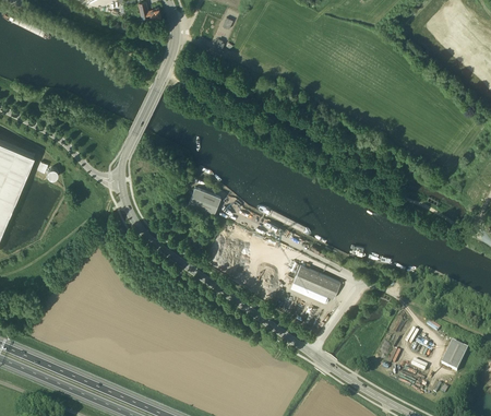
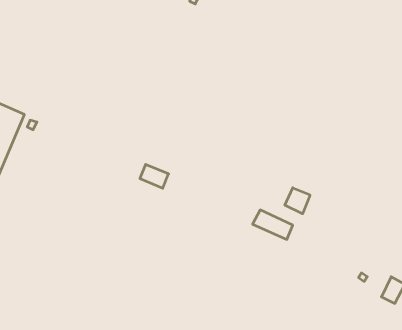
building: [188,188,220,215] -> [140,164,169,188]
building: none -> [285,188,310,214]

